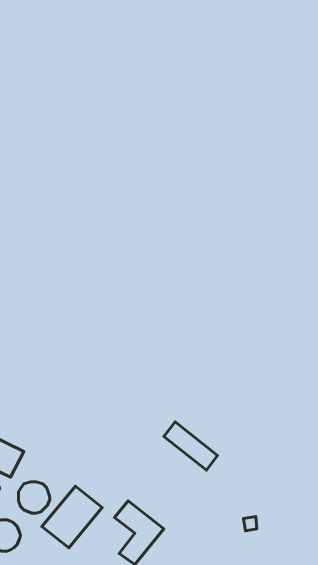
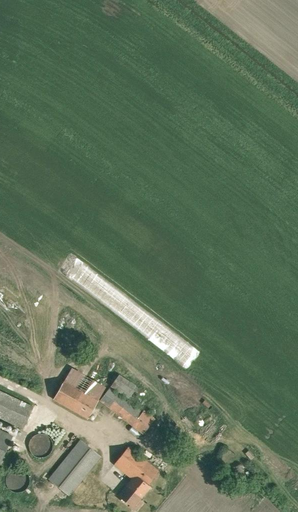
building: none -> [55,379,99,418]
building: [164,422,218,470] -> [104,390,152,433]

